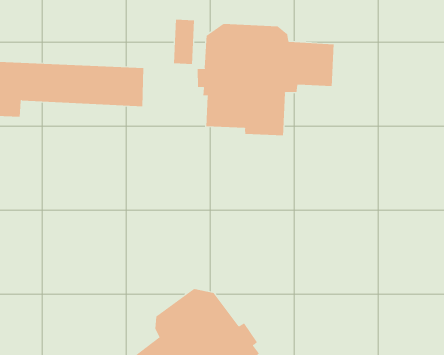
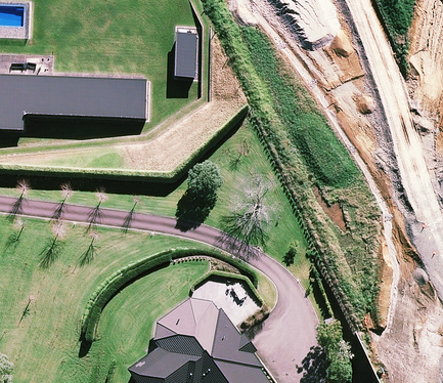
building: [197,23,334,136] -> none

